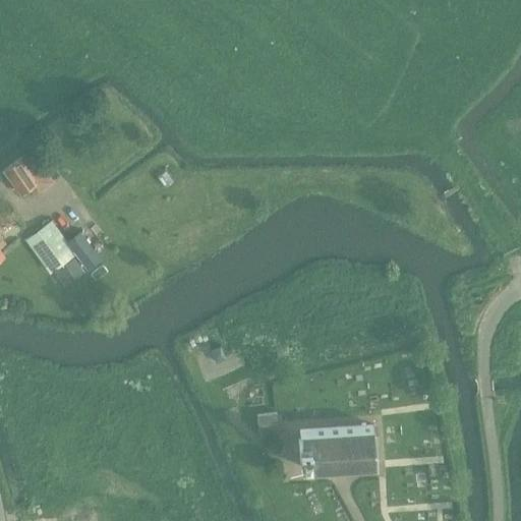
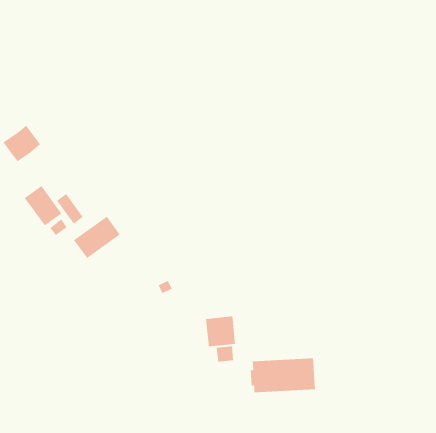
building: none -> [73,216,121,259]
building: none -> [206,315,236,347]

